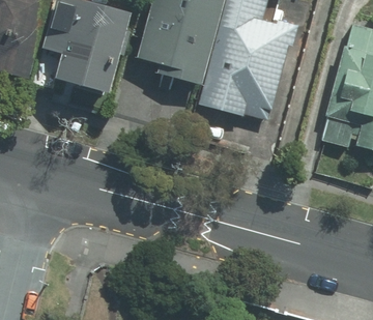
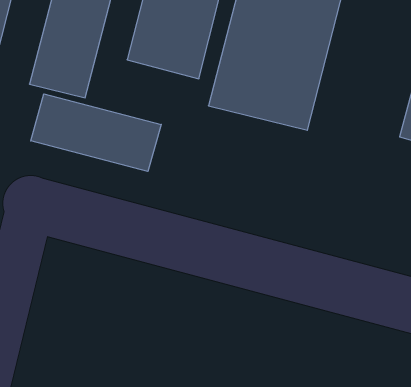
building: none -> [31,94,161,171]

